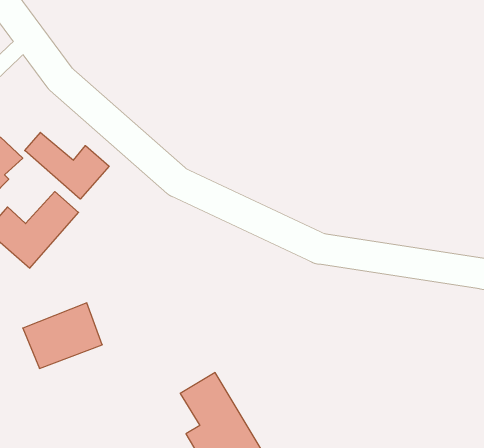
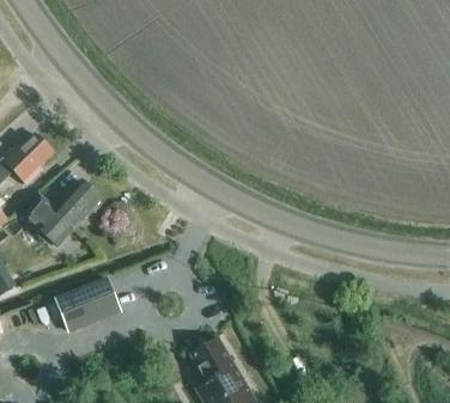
building: [25,132,109,199] -> none

